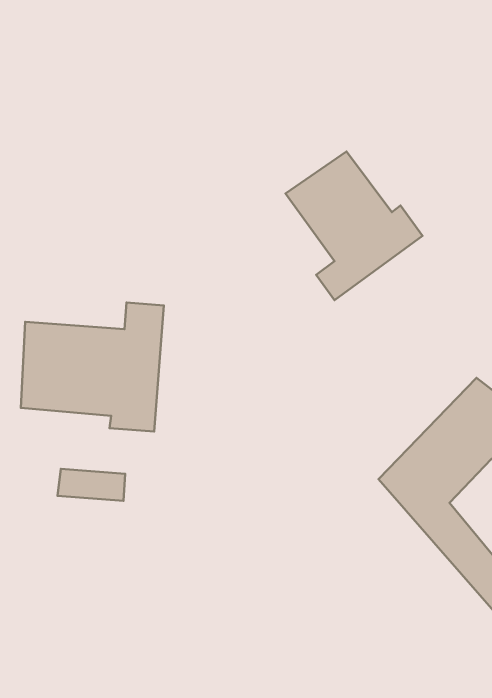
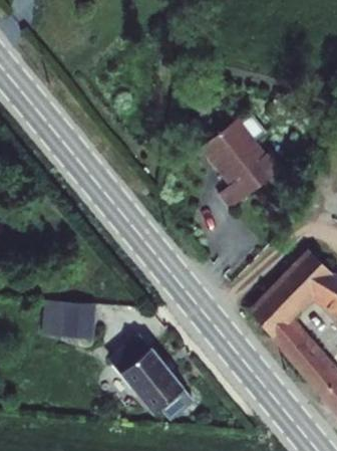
building: [21,303,164,432] -> none
building: none -> [116,330,195,410]

